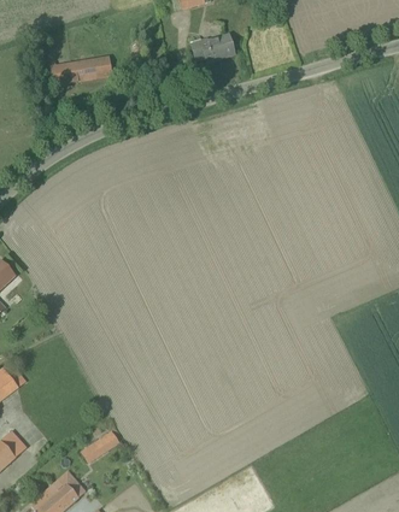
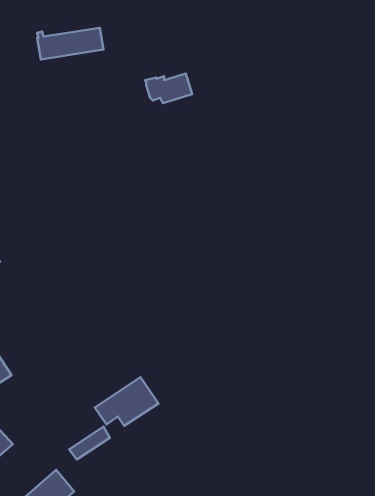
building: [189,34,234,61] -> [145,74,192,103]
building: none -> [95,377,158,426]

